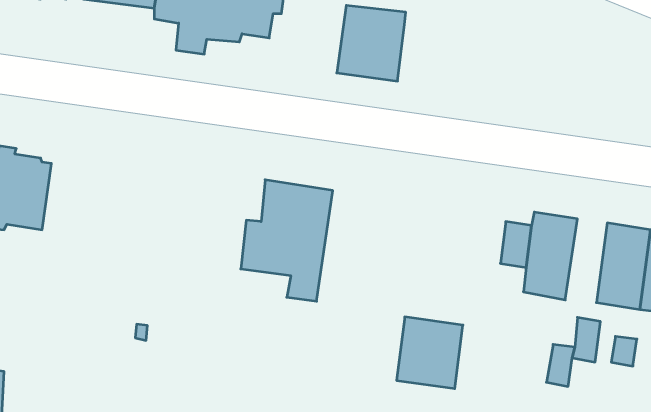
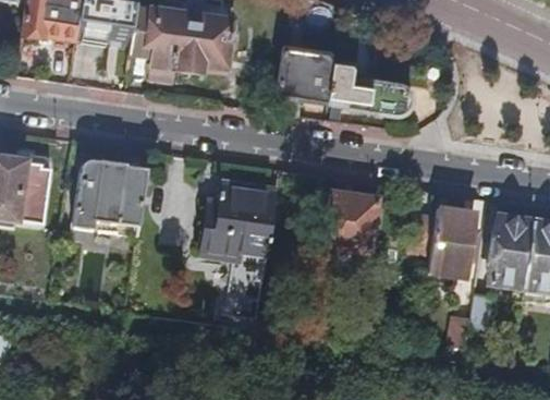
building: none -> [328,58,415,114]
building: none -> [72,159,146,237]
building: [397,317,463,389] -> [322,194,376,252]

